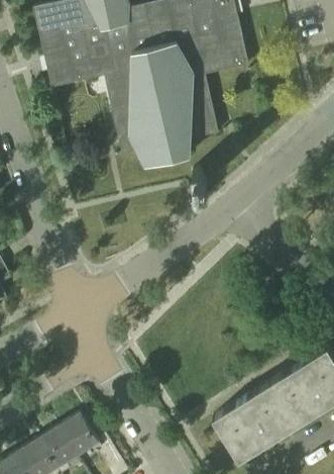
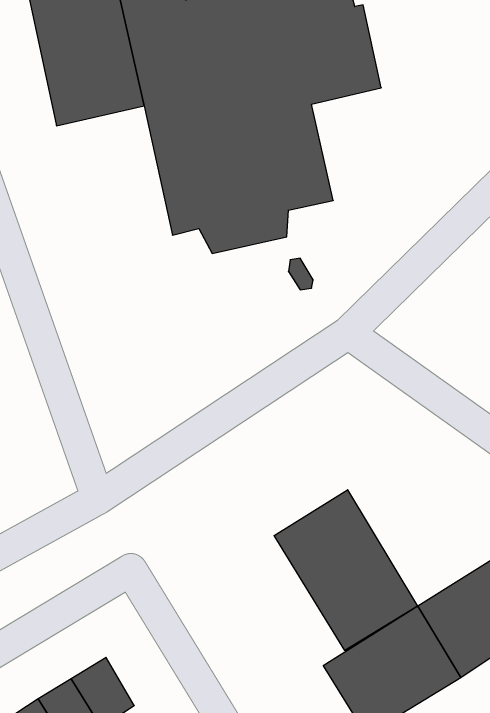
building: none -> [274,490,418,650]

